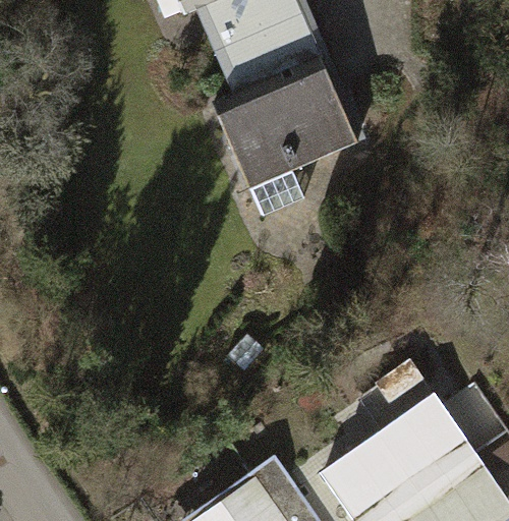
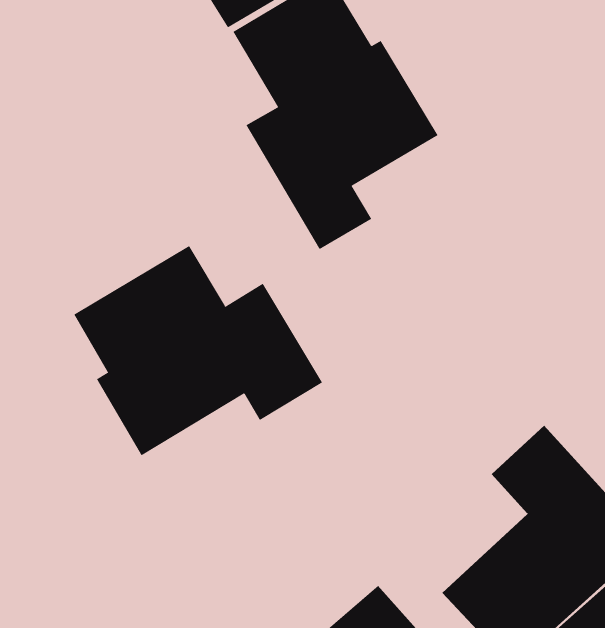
building: none -> [73,245,323,456]

